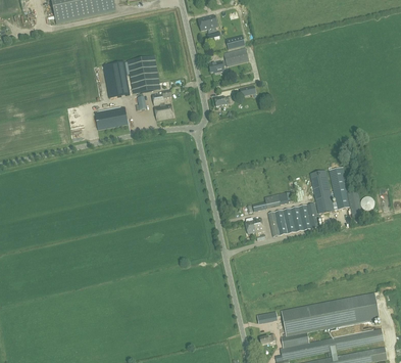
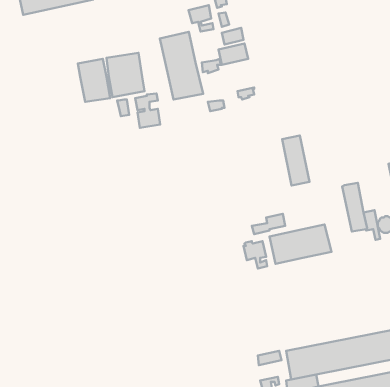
building: none -> [160,32,203,99]
building: [94,105,128,130] -> none
building: [309,170,333,213] -> [282,135,309,186]

